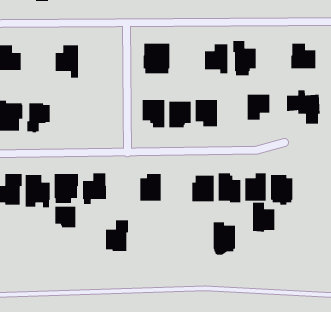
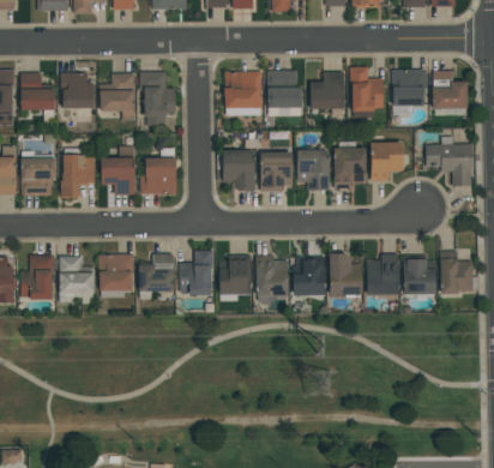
building: none -> [392,70,427,106]
building: none -> [140,71,176,116]
building: none -> [267,71,302,116]
building: none -> [60,73,94,108]
building: none -> [101,146,135,194]
building: none -> [140,148,177,193]
building: none -> [335,148,366,188]
building: [252,202,275,232] -> [440,251,472,294]
building: [55,206,76,228] -> none
building: [105,219,129,252] -> [180,250,213,295]
building: [213,221,236,256] -> [257,256,289,304]

